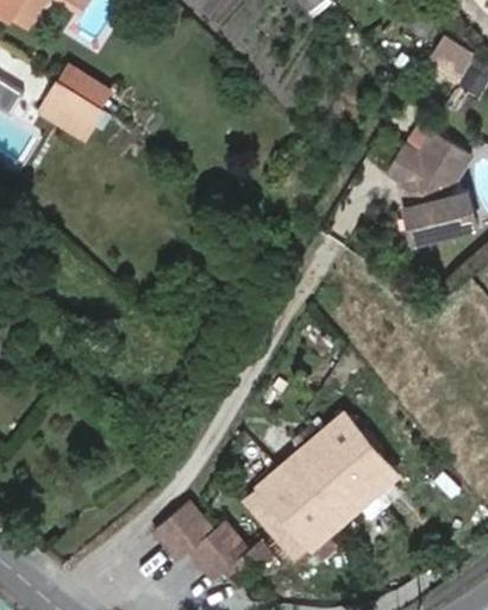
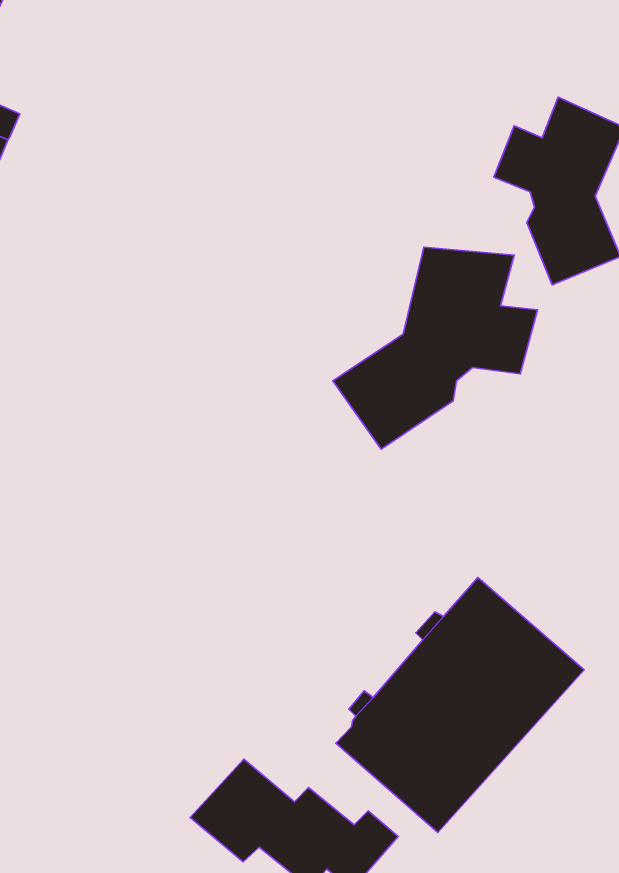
building: none -> [333,247,538,449]

